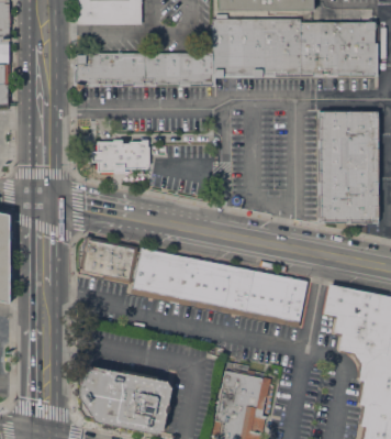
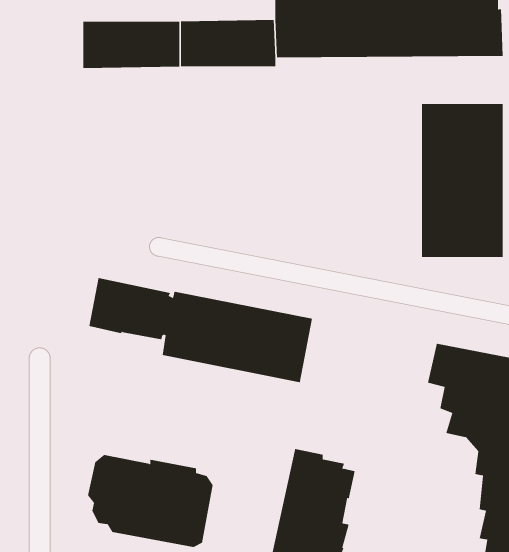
building: [91,138,148,172] -> none
building: [232,266,308,327] -> none

